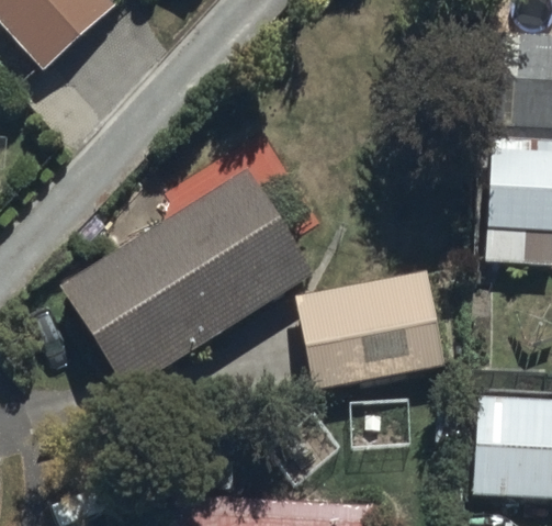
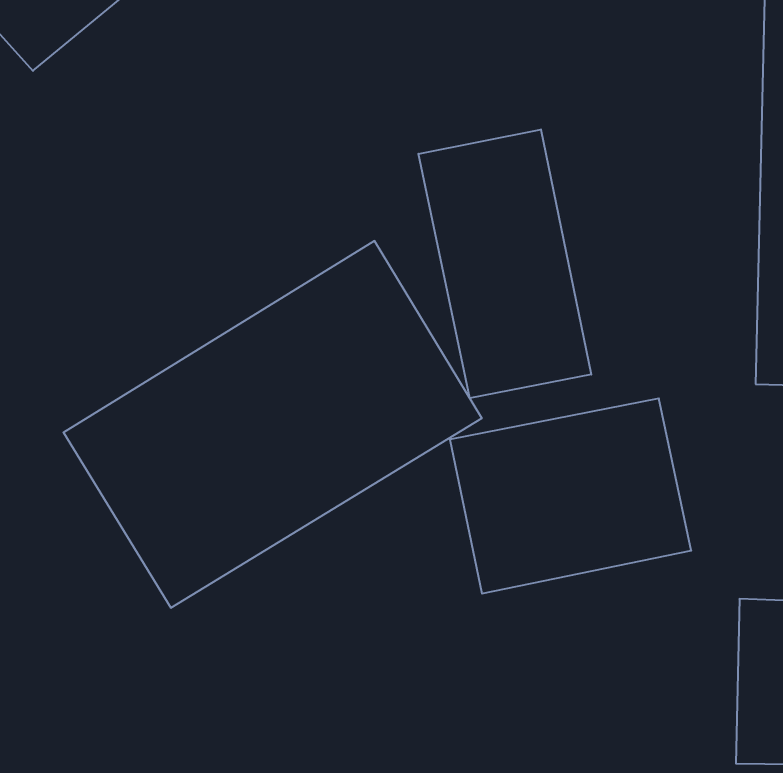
building: none -> [418,129,591,398]

